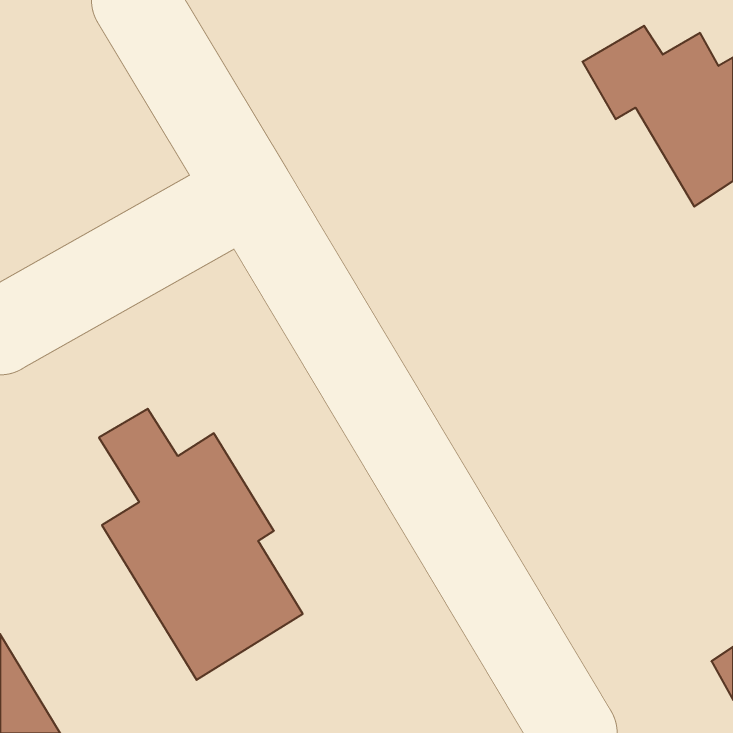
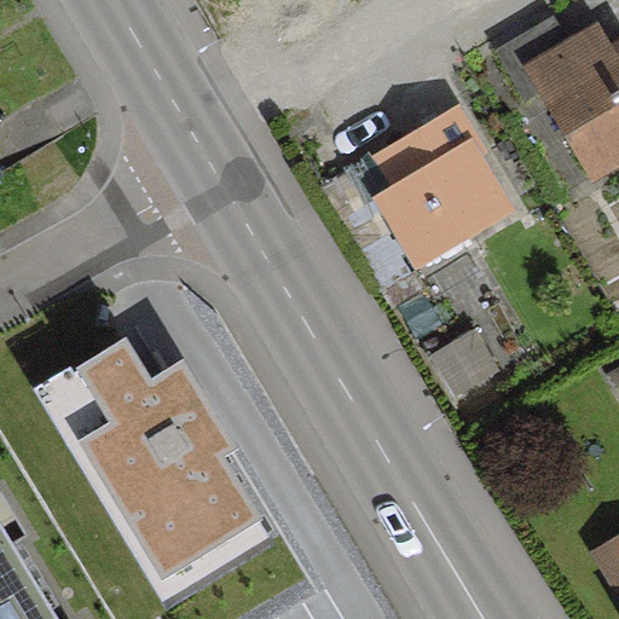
building: none -> [369,116,498,262]

